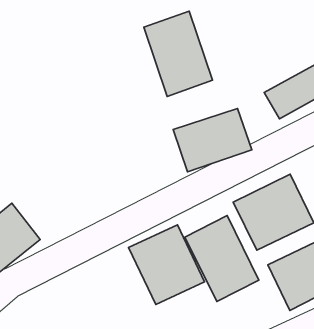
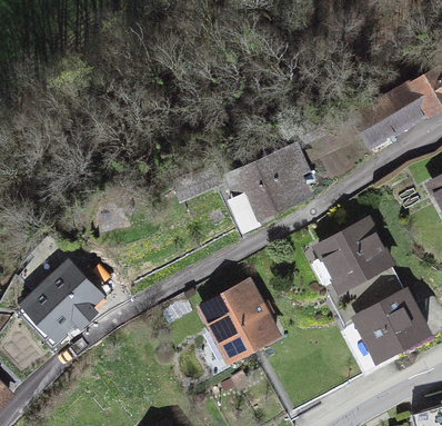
building: [144,11,213,96] -> none
building: [185,216,259,302] -> none

